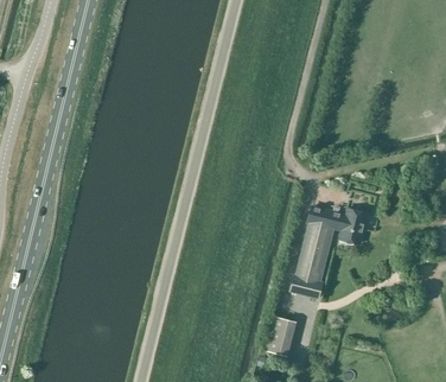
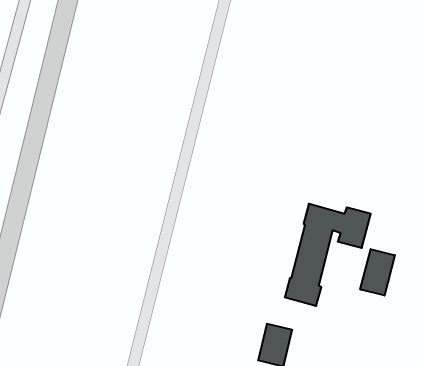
building: none -> [360,249,395,296]

